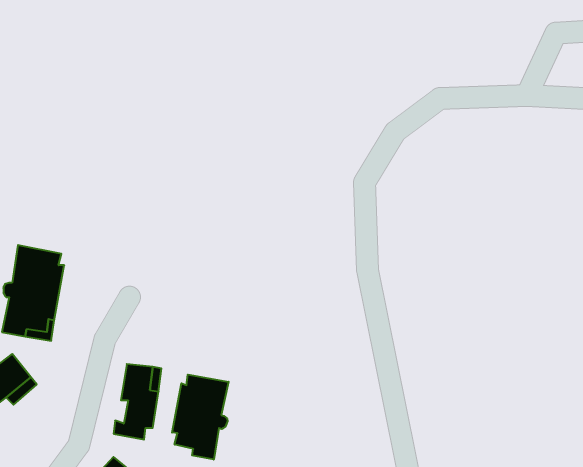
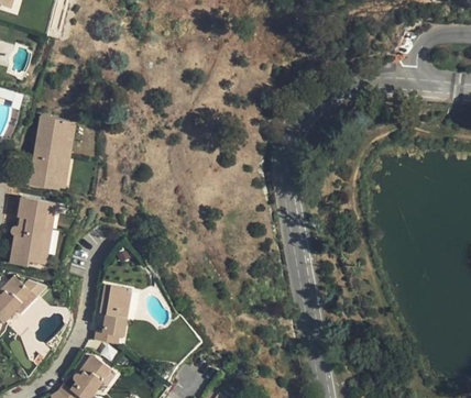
building: none -> [29,115,76,190]
building: [172,375,229,460] -> none

